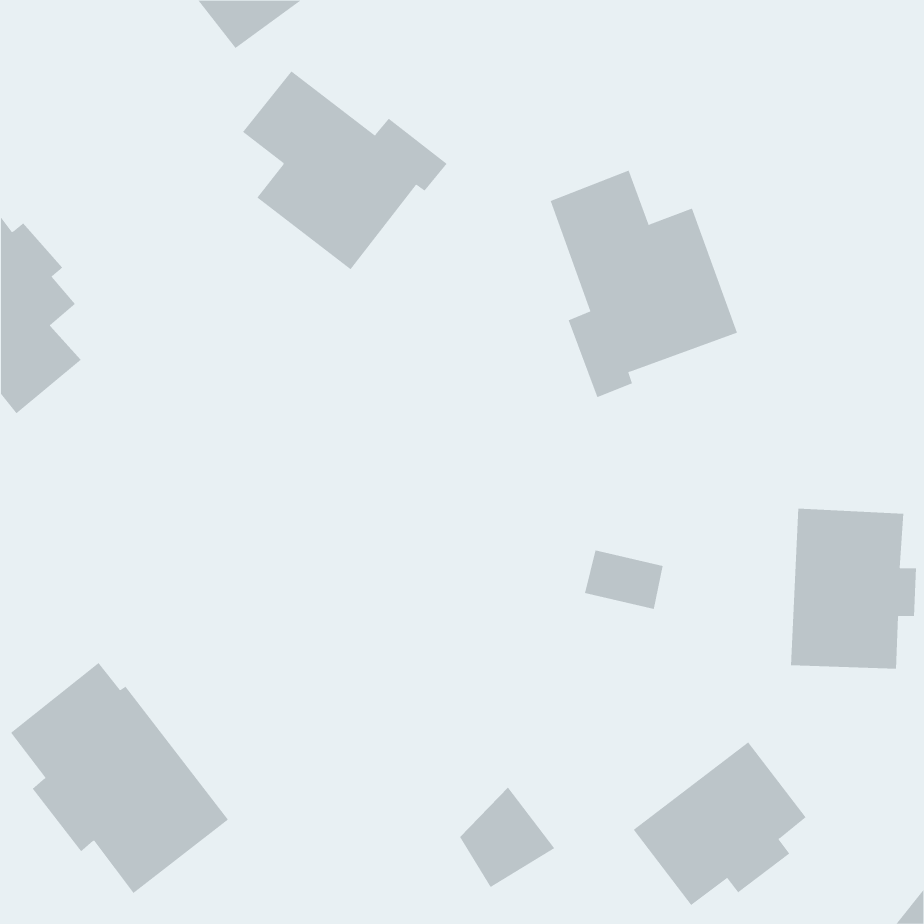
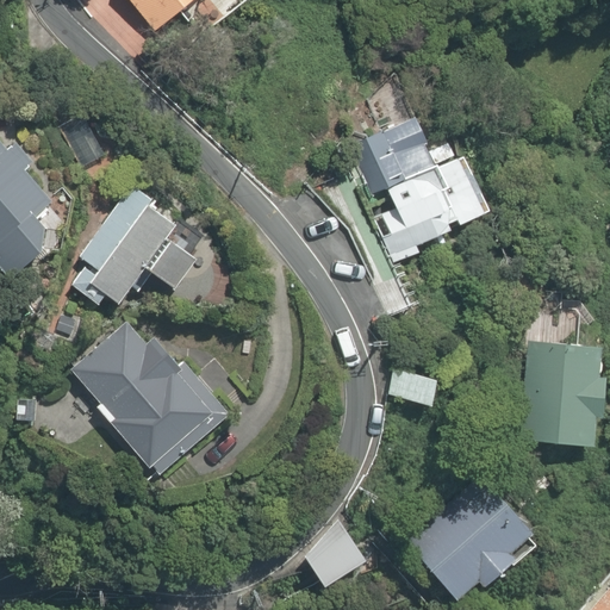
building: [242,71,447,270] -> none
building: none -> [70,182,199,310]
building: [10,662,229,894] -> [76,324,220,477]

